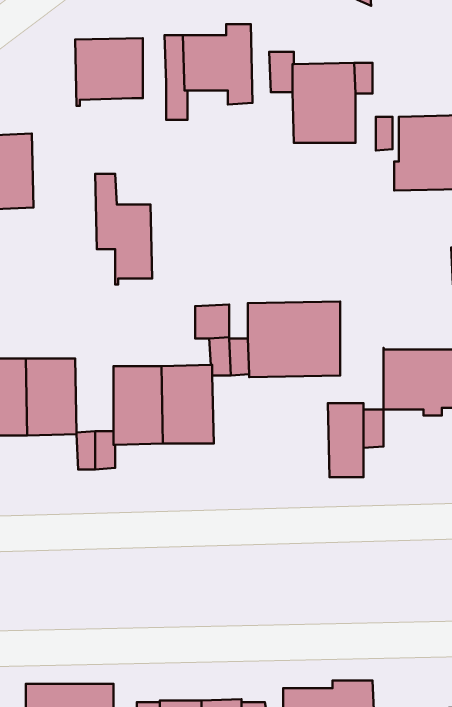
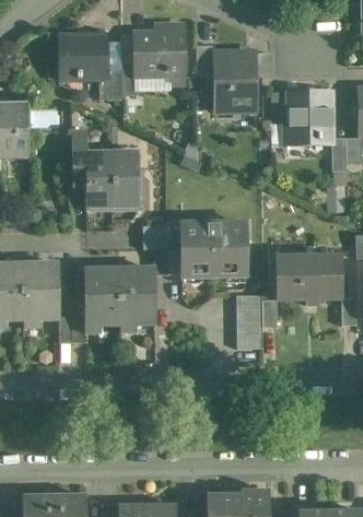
building: none -> [98,67,122,98]
building: none -> [112,153,143,205]

